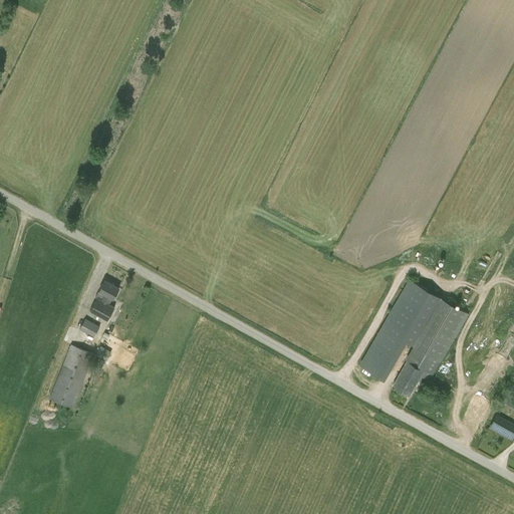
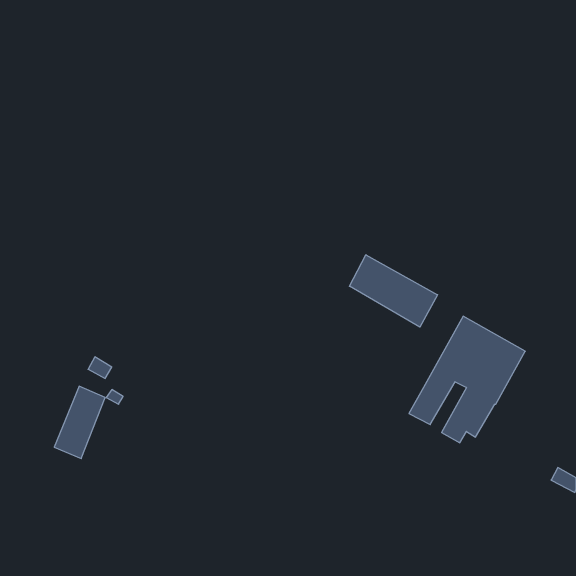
building: none -> [349,255,438,327]
building: [89,281,117,321] -> none

